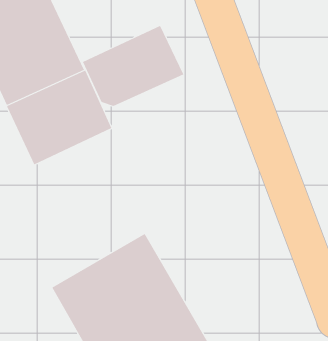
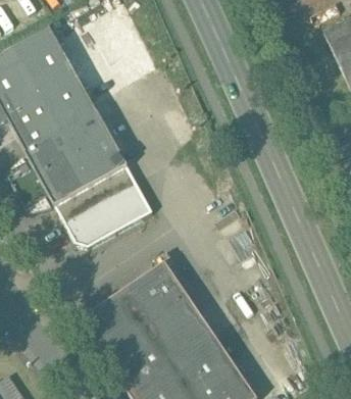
building: [82,25,184,106] -> [56,166,153,246]

